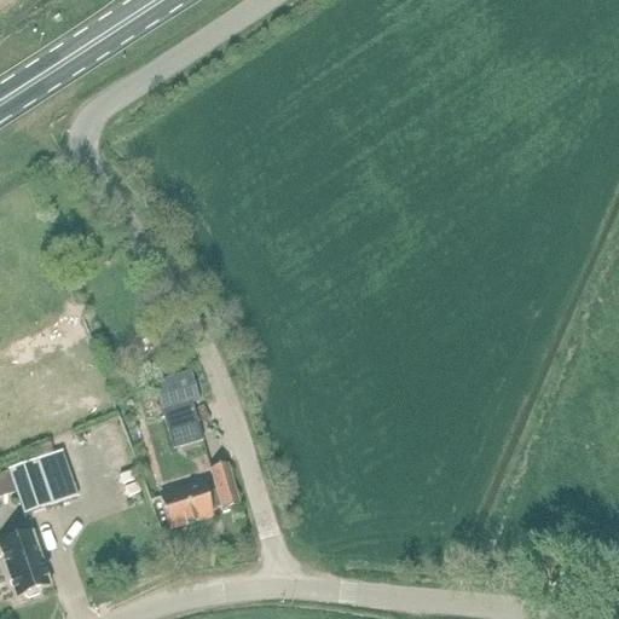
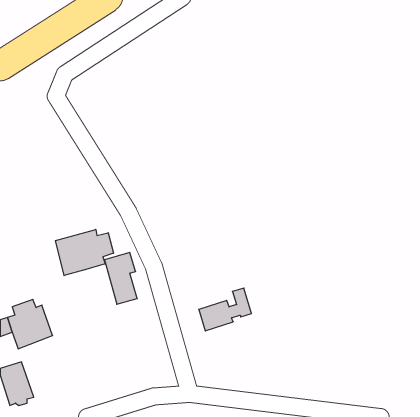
building: none -> [56,229,114,276]
building: [161,464,238,527] -> [199,288,251,331]

